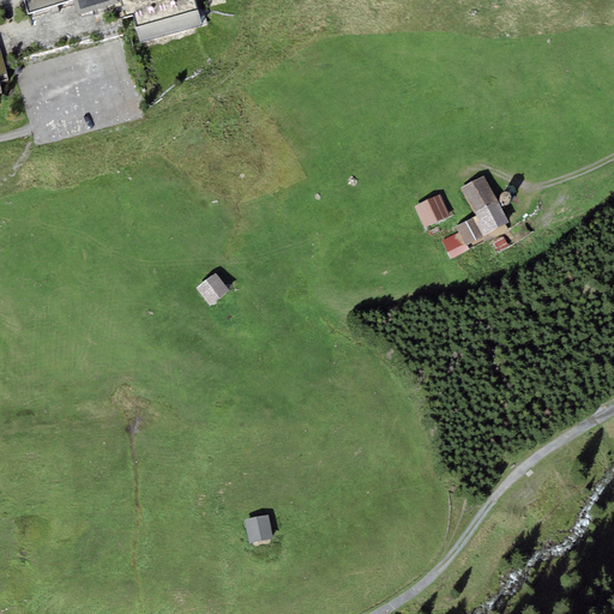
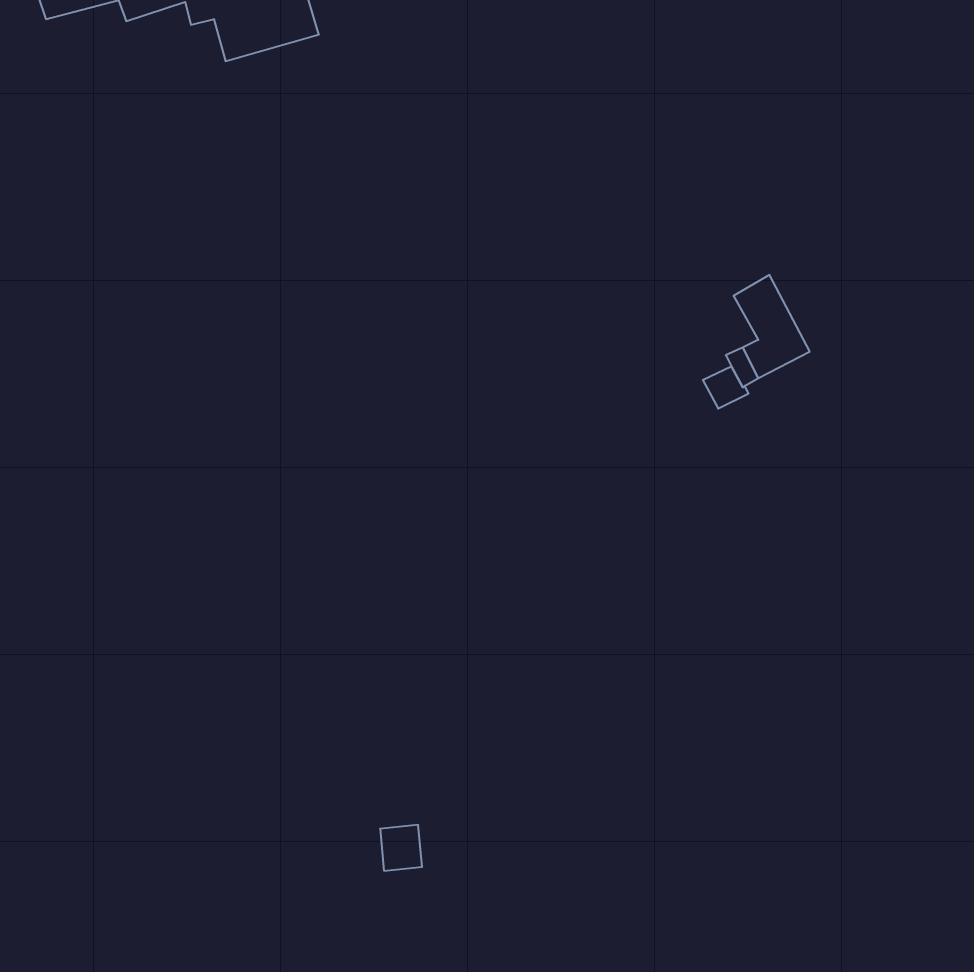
building: [416,192,451,225] -> none
building: [198,271,230,303] -> none

